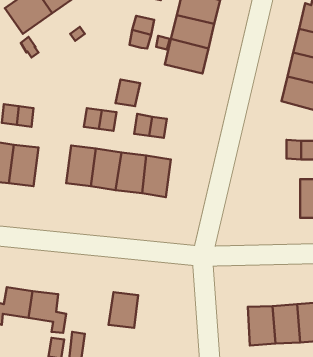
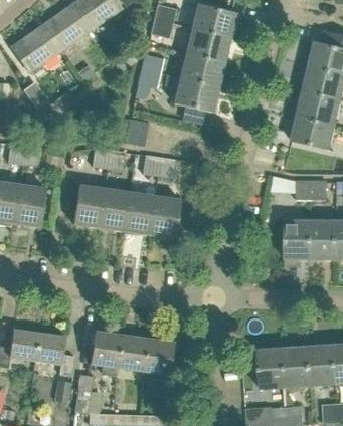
building: none -> [285,220,311,259]
building: none -> [91,331,121,376]
building: none -> [142,338,172,374]

